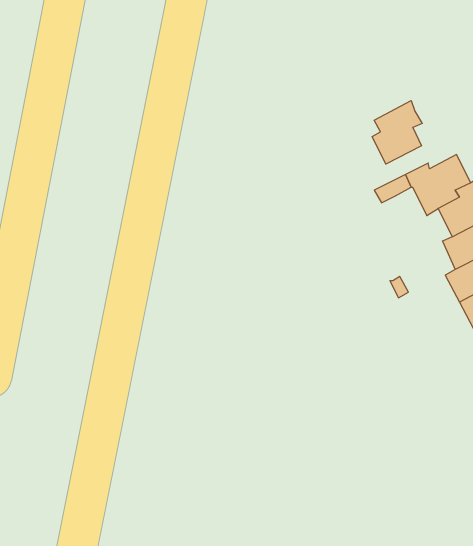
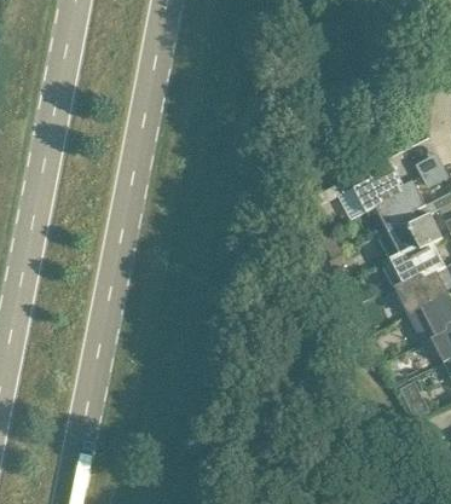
building: [372,101,422,164] -> none

